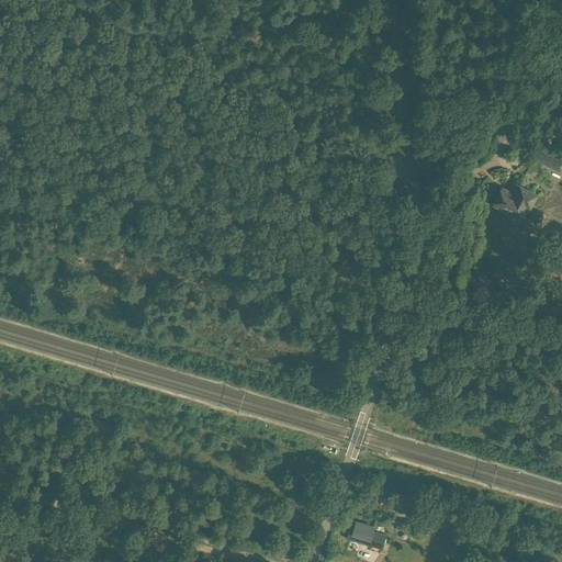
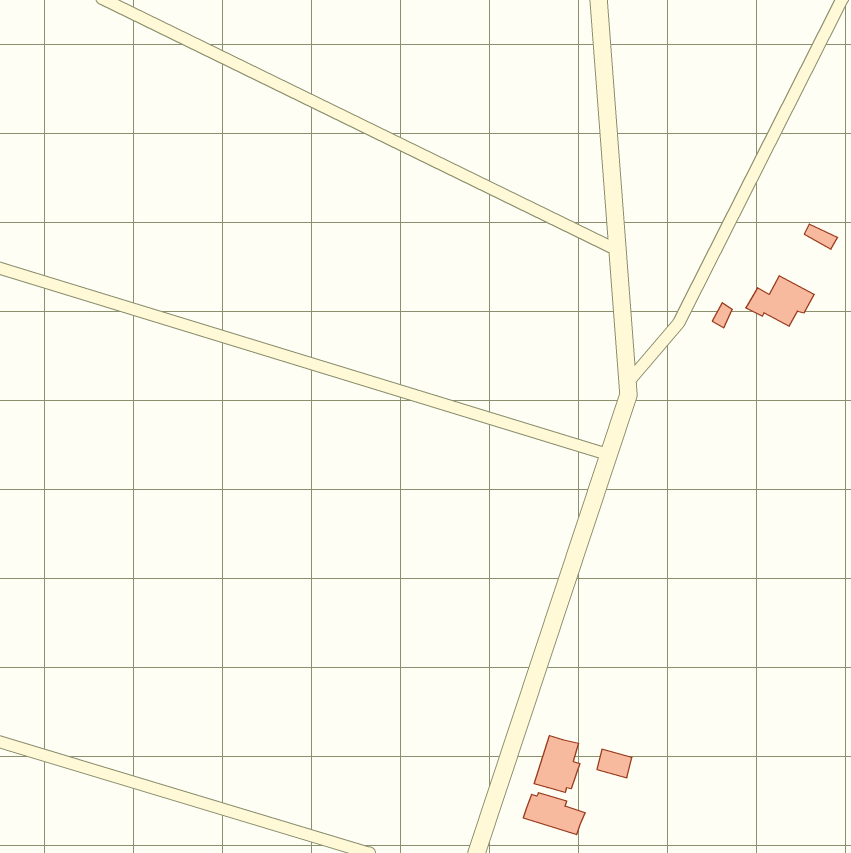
building: none -> [534,736,580,792]

